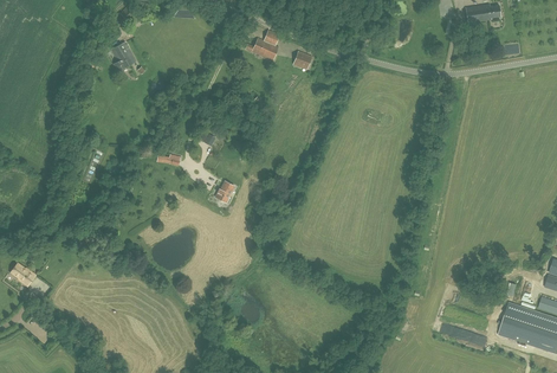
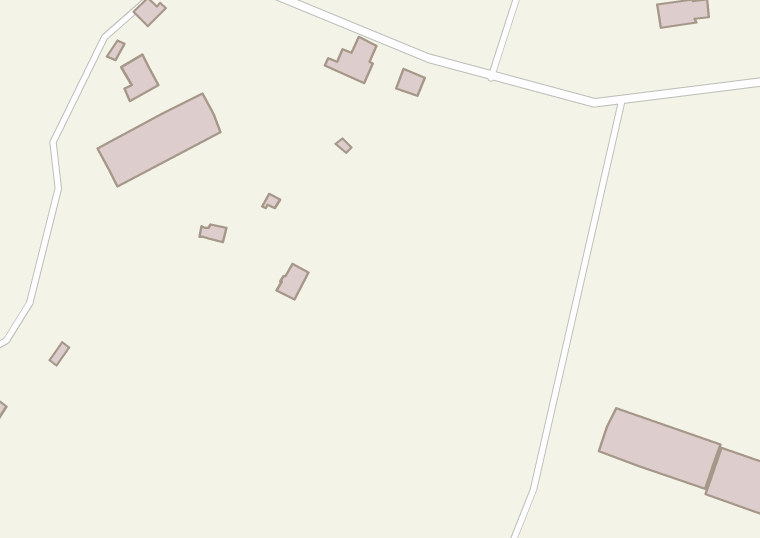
building: none -> [97,93,220,187]
building: none -> [599,408,721,489]

